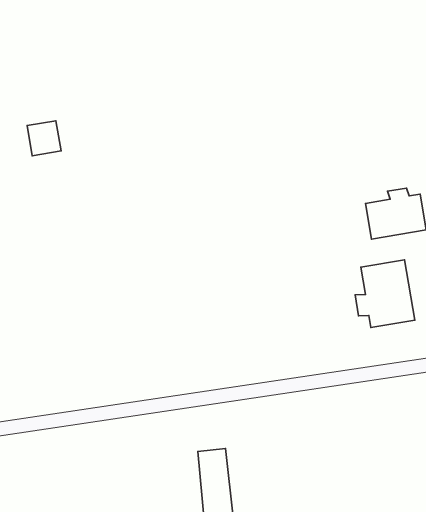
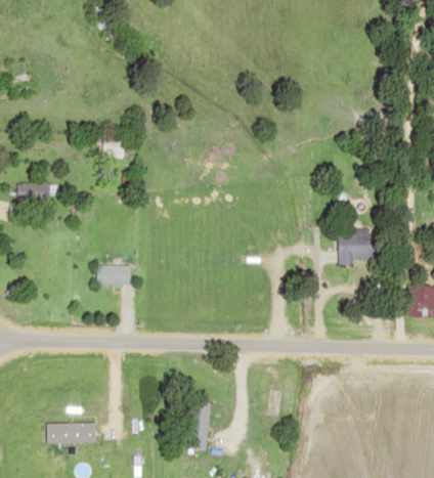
building: [355,260,415,328] -> none
building: none -> [95,264,130,284]

